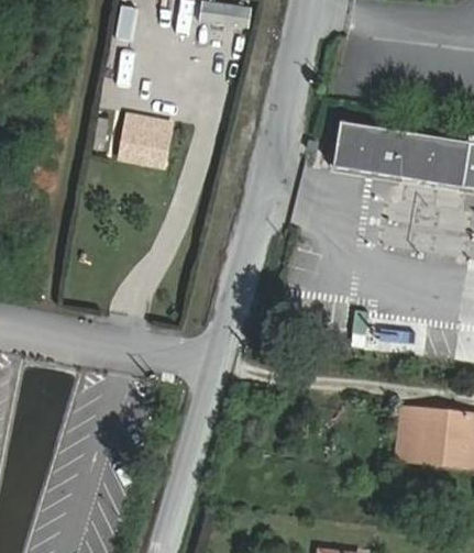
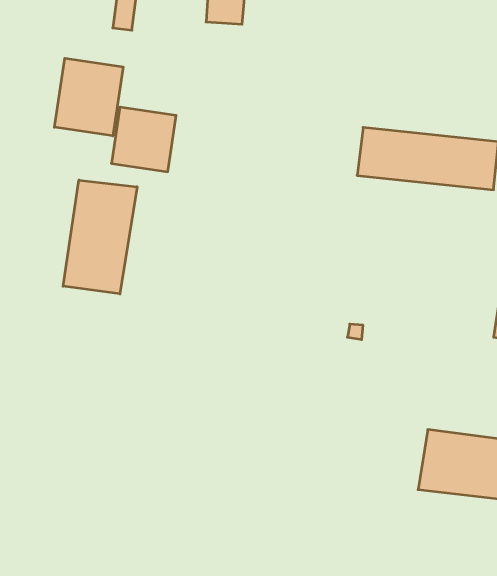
building: none -> [54,58,123,136]
building: none -> [63,180,137,294]

